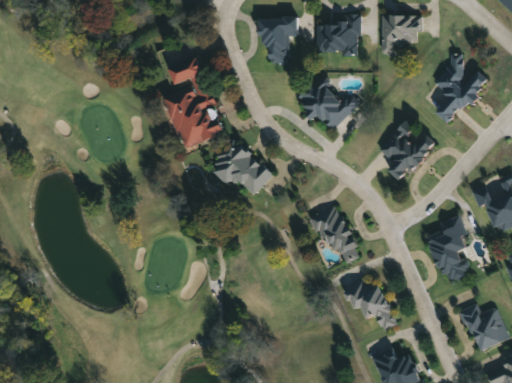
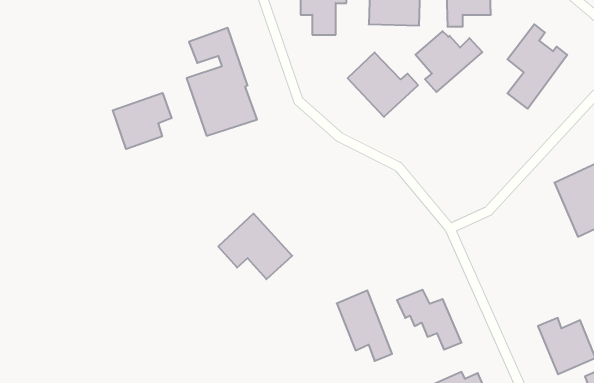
building: none -> [113,93,172,149]
building: [380,127,437,179] -> [415,31,482,92]
building: [209,140,272,196] -> [218,214,292,279]
building: [313,203,360,263] -> [337,290,392,361]
building: [427,214,471,285] -> none

